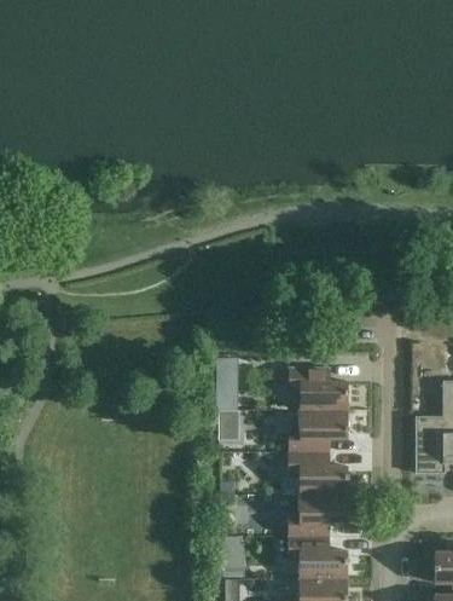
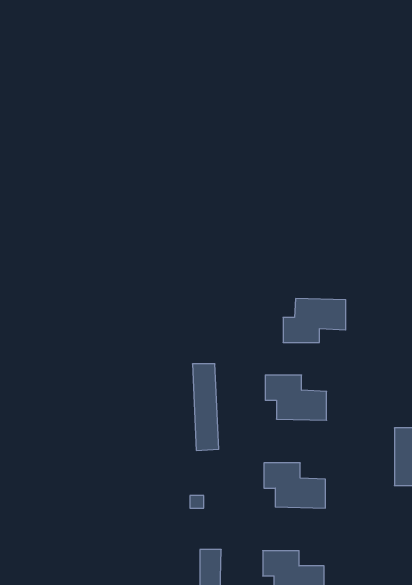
building: [289,410,349,452] -> [283,299,346,342]
building: [288,495,348,537] -> none

